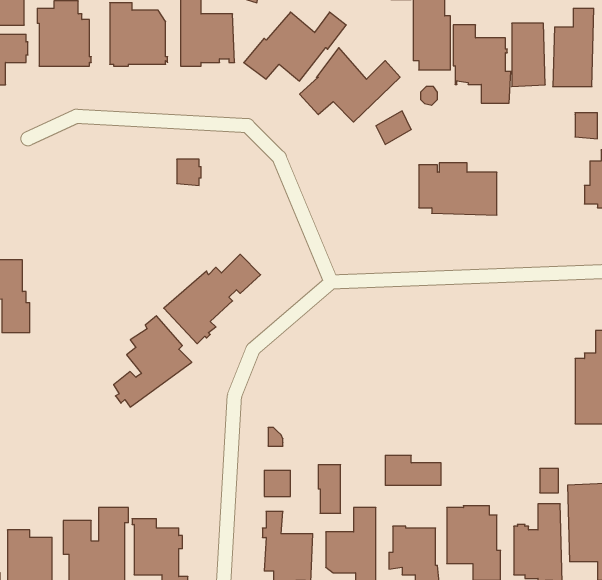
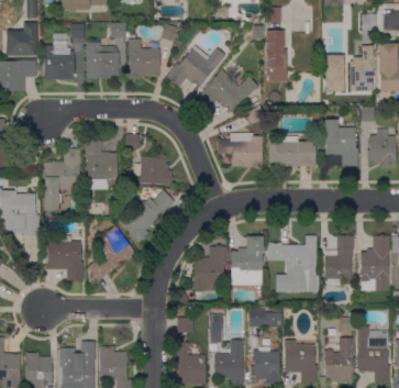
building: [453,25,511,103] -> [325,120,359,166]
building: none -> [232,133,263,167]
building: none -> [86,140,118,185]
building: none -> [45,148,80,209]
building: none -> [134,154,173,186]
building: none -> [268,235,319,291]
building: none -> [325,235,355,286]
building: none -> [48,236,85,281]
building: none -> [230,236,264,285]
building: none -> [193,244,228,292]

